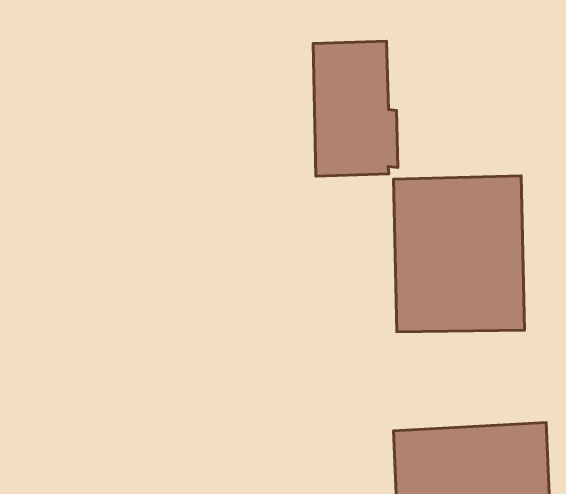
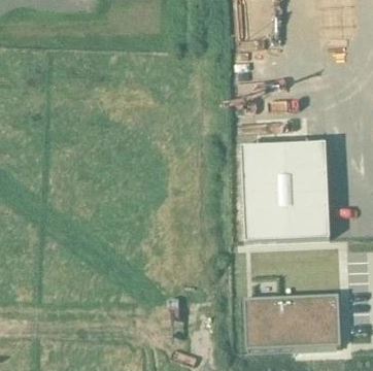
building: [313,41,398,176] -> none

